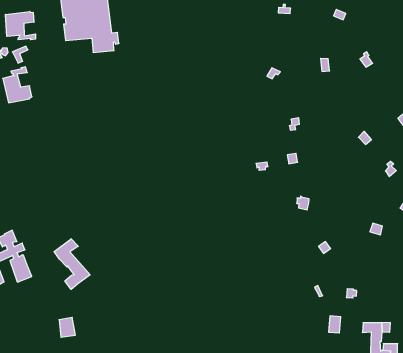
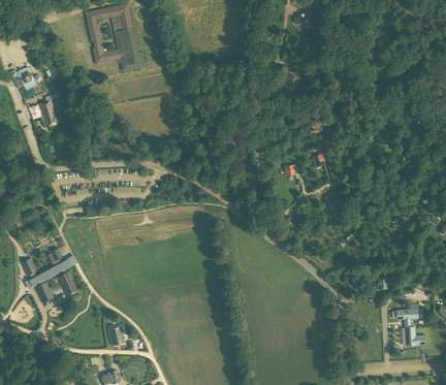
building: [6,11,36,40] -> none
building: [54,239,90,289] -> none

